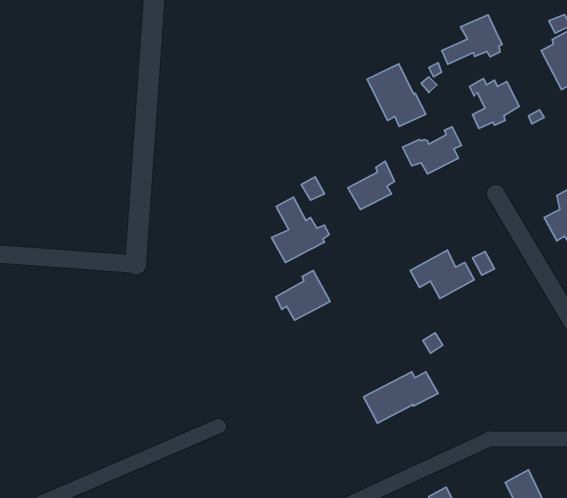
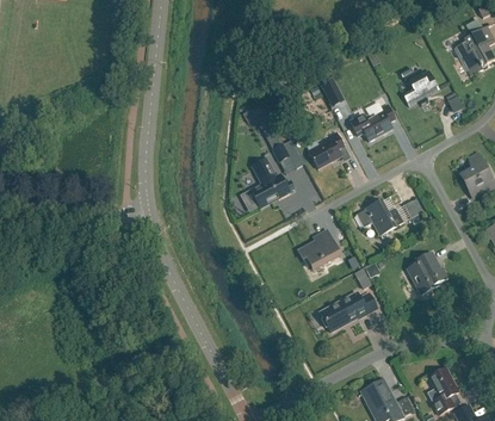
building: [442,15,502,64] -> none
building: [367,64,426,126] -> none
building: [276,270,330,320] -> [298,229,340,267]
building: none -> [406,250,447,293]

